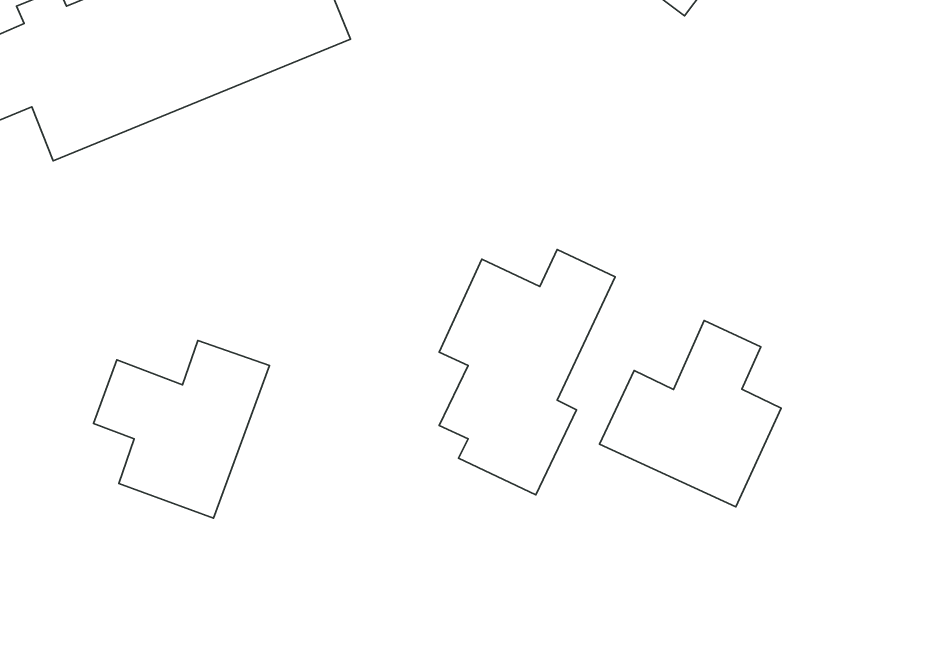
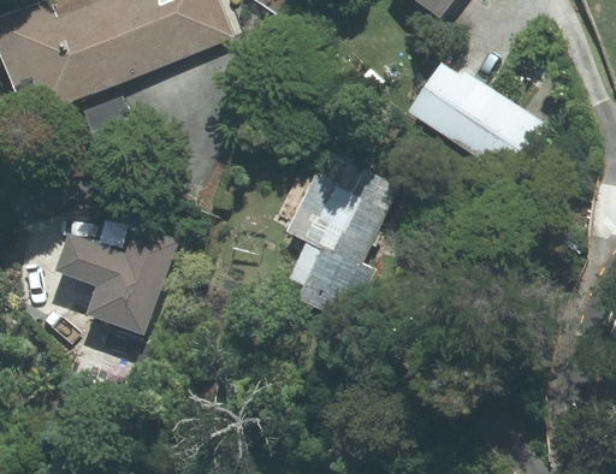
building: none -> [409,61,544,178]
building: [599,320,781,507] -> none

